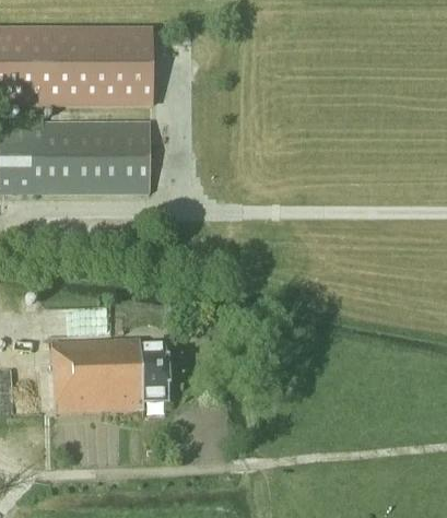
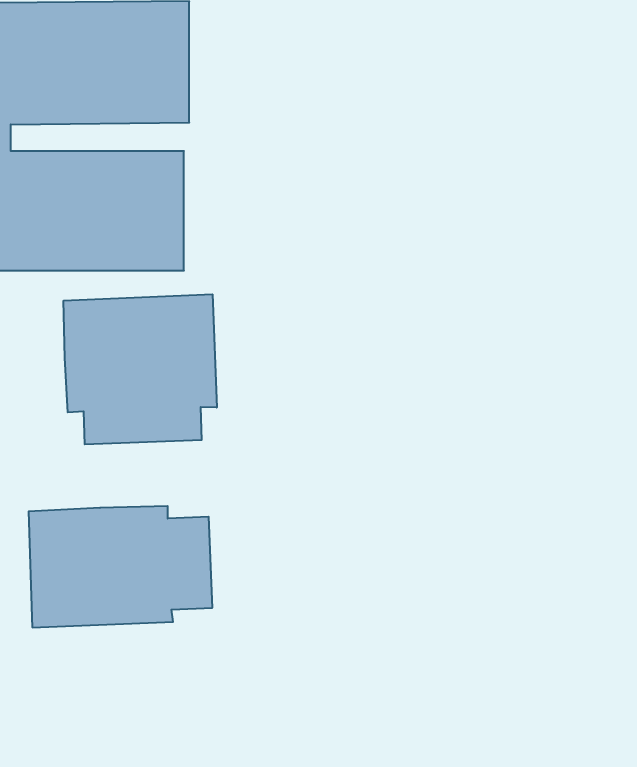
building: none -> [64,294,217,444]

